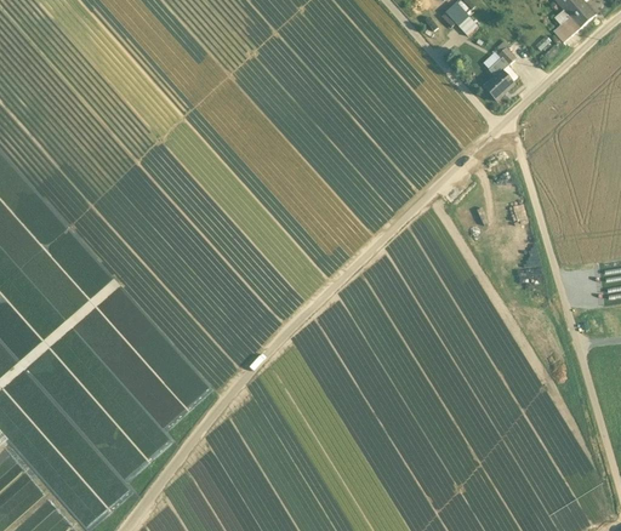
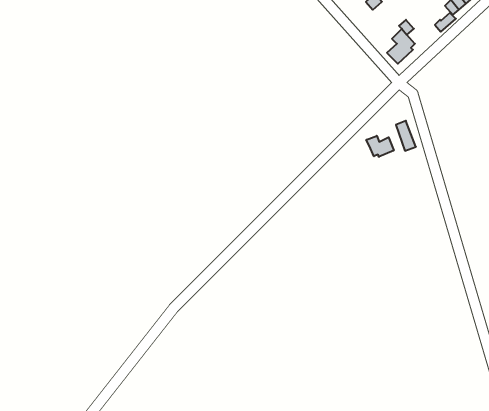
building: none -> [366,136,394,157]

